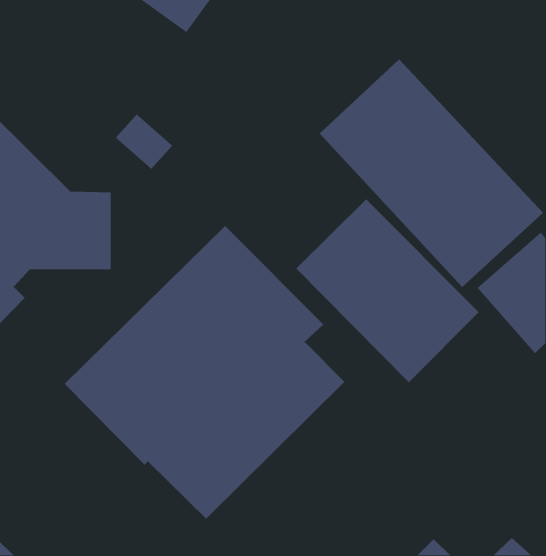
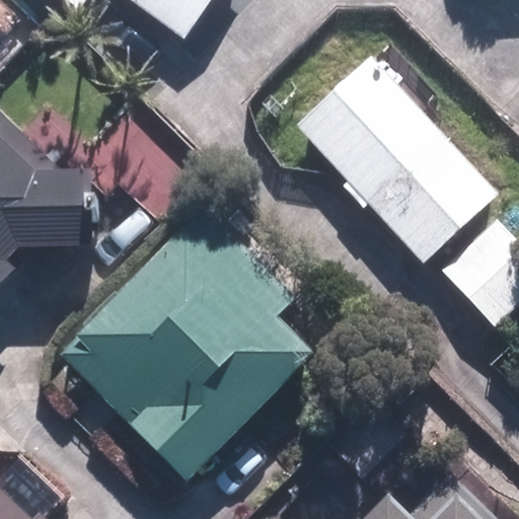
building: [296,198,479,383] -> none

